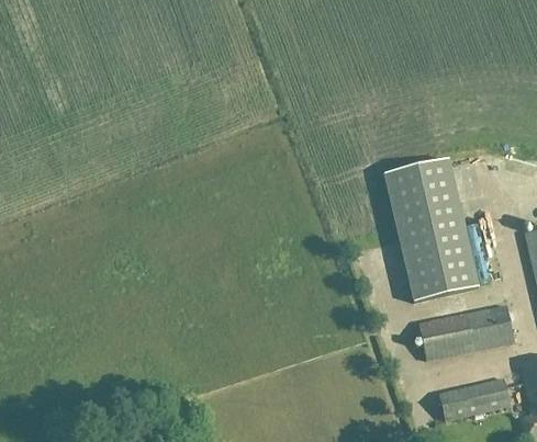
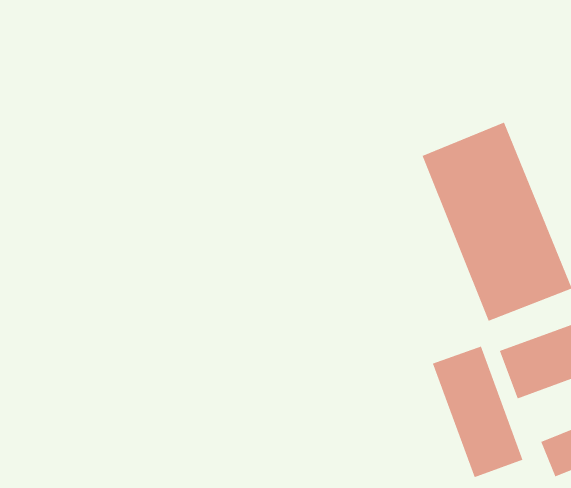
building: none -> [432,345,524,478]

